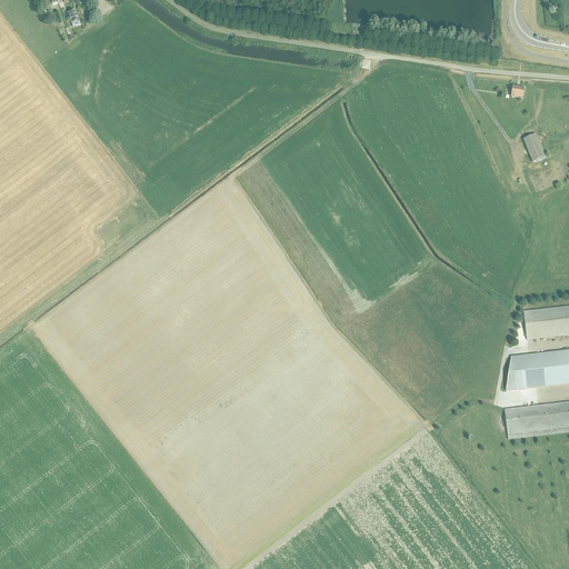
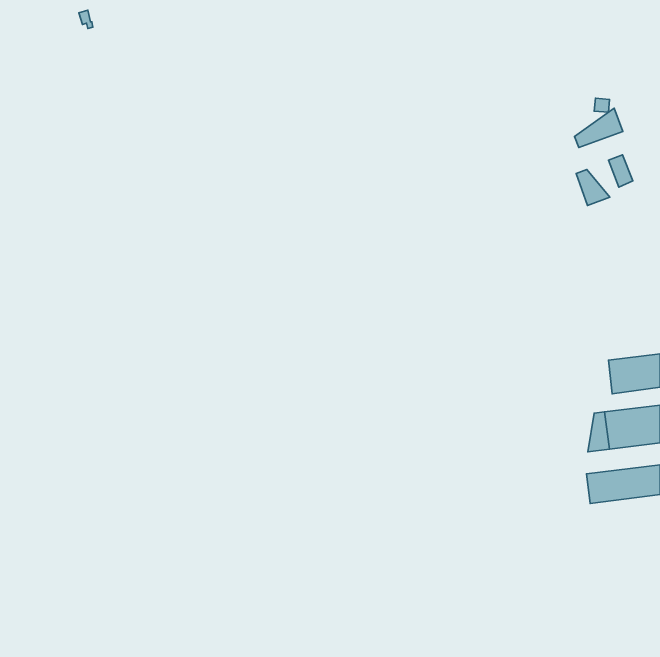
building: none -> [575,108,623,147]
building: none -> [576,169,610,206]

